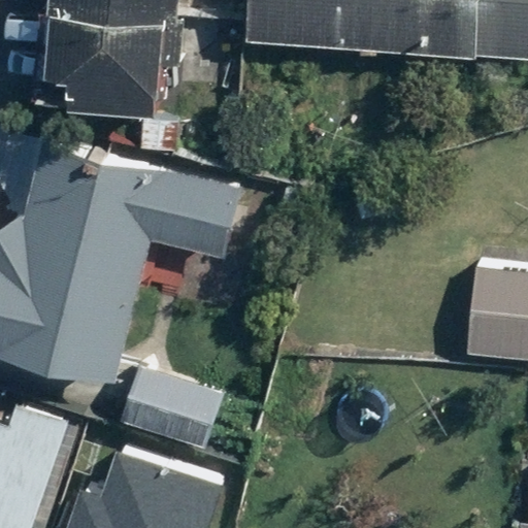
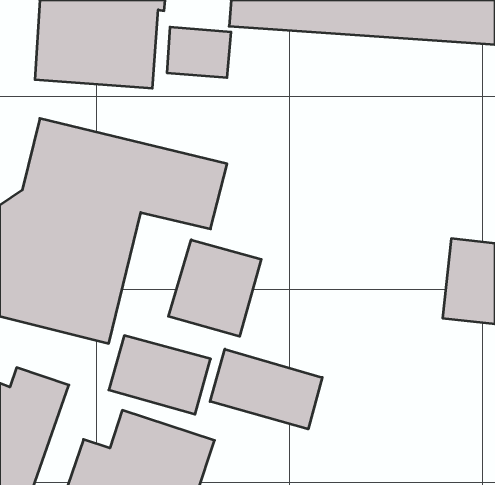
building: none -> [168,240,261,336]
building: none -> [210,349,322,429]

